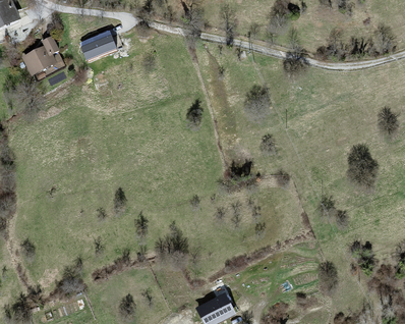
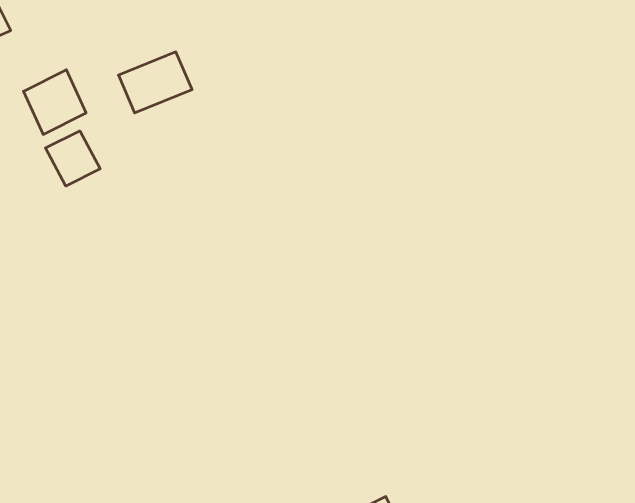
building: none -> [45,131,100,186]

